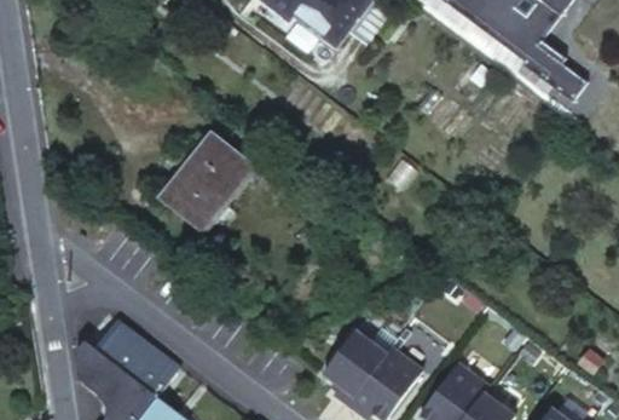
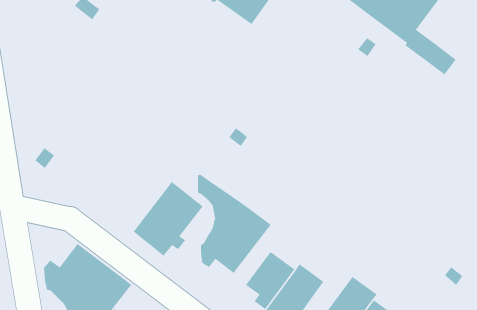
building: [160,136,248,230] -> [133,181,203,257]
building: none -> [197,174,272,274]

